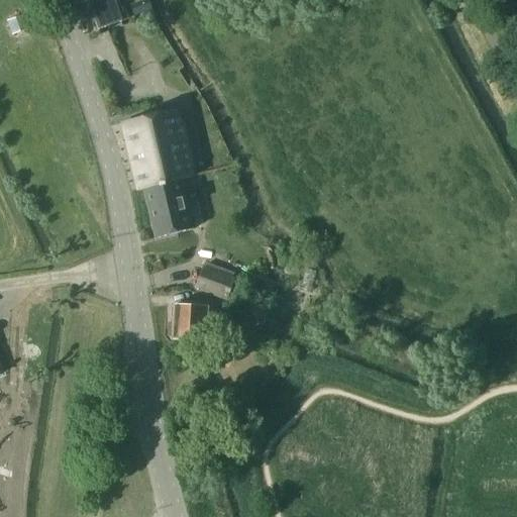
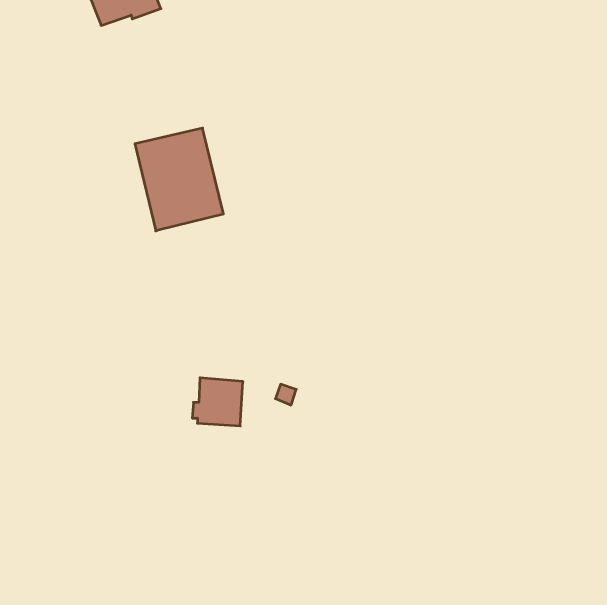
building: [140,174,200,235] -> none
building: [193,261,232,296] -> none

